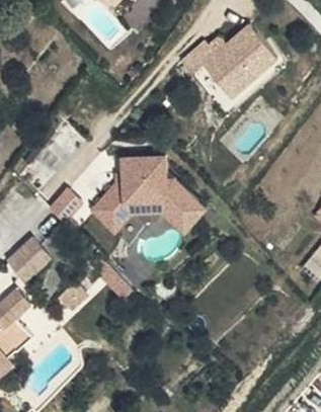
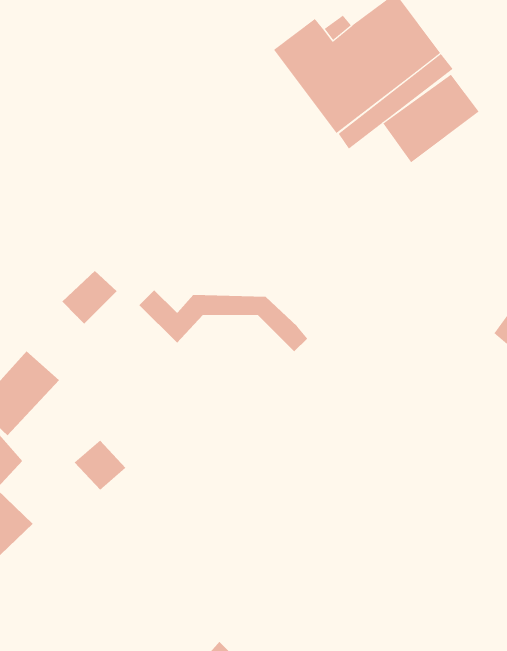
building: none -> [383,74,480,163]
building: [106,161,209,229] -> none

